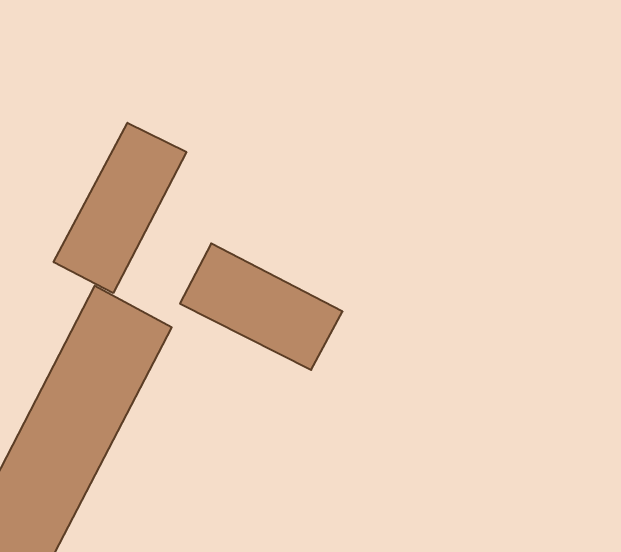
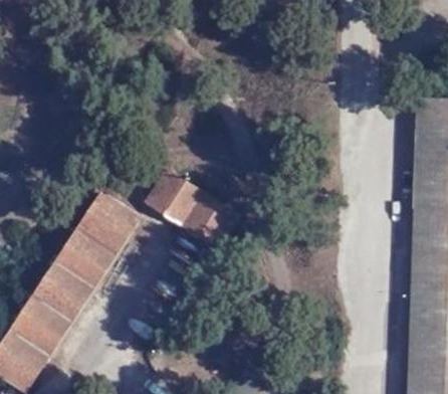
building: [54,123,186,293] -> none

